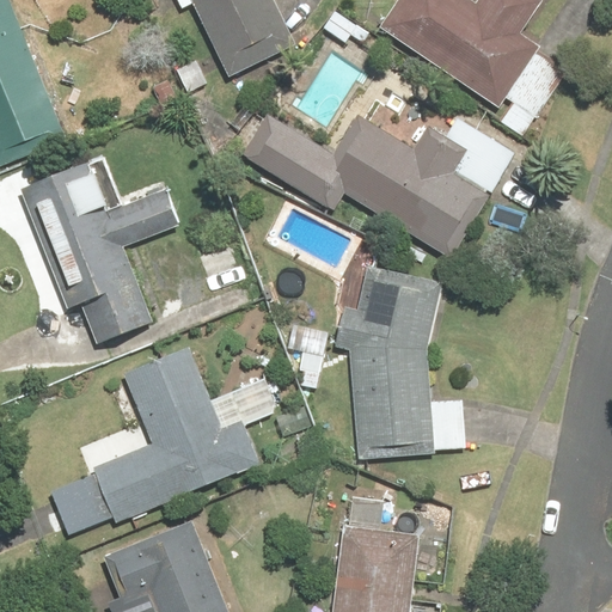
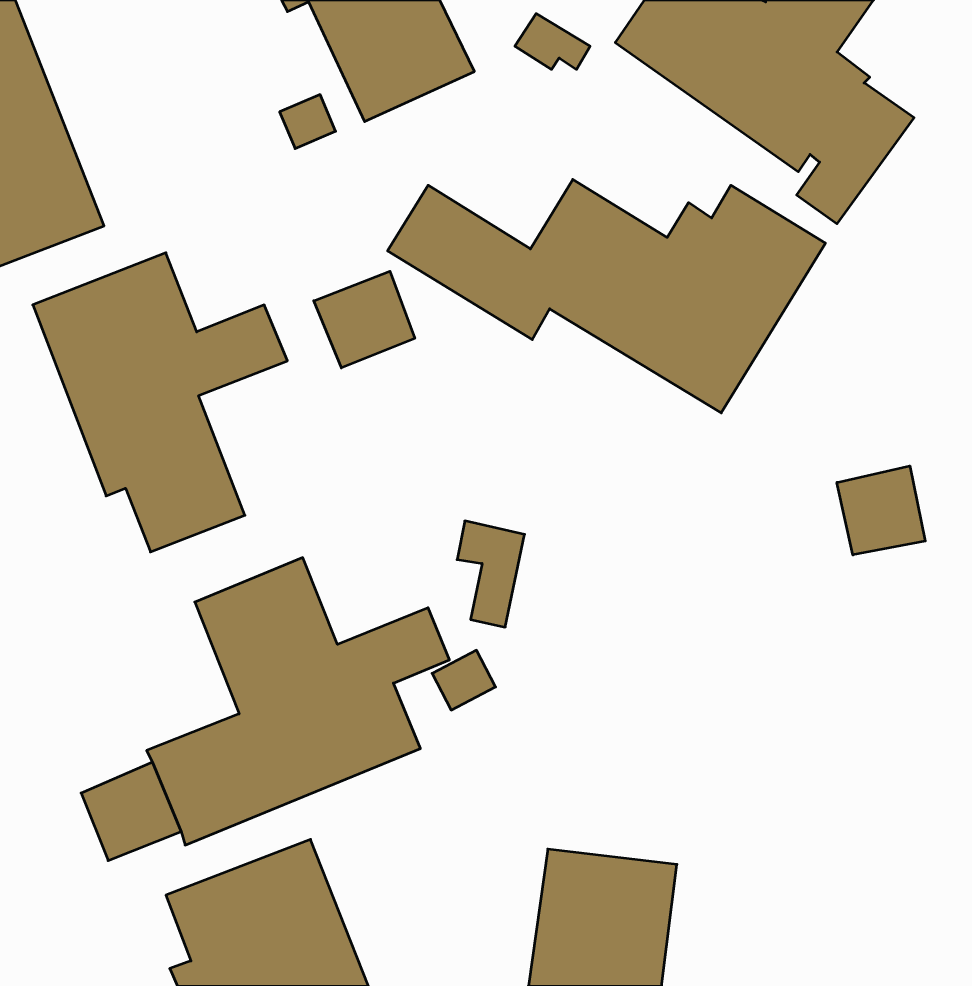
building: none -> [314,271,415,368]
building: [330,263,466,454] -> none
building: none -> [837,466,925,555]

